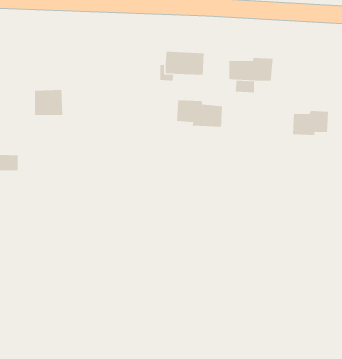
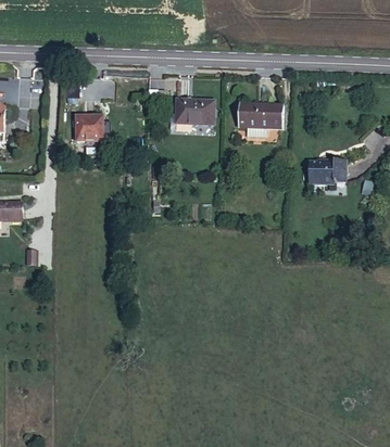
building: [34,90,63,116] -> [75,115,105,142]
building: [177,100,223,128] -> none

